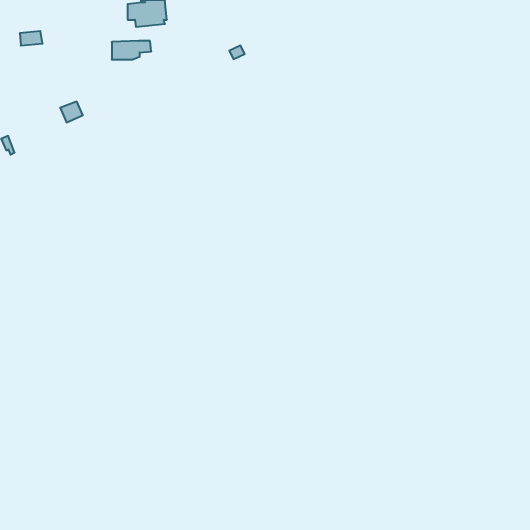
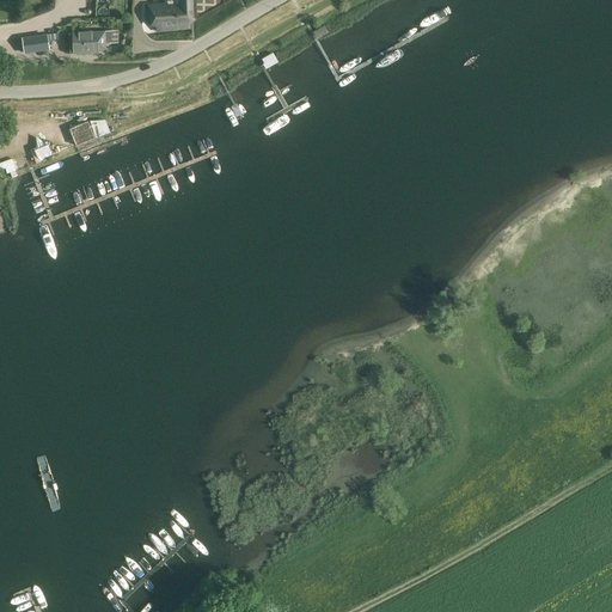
building: [112,41,151,60] -> [73,31,118,53]

